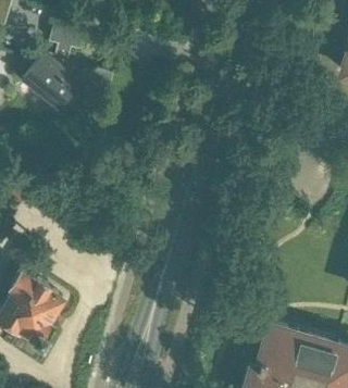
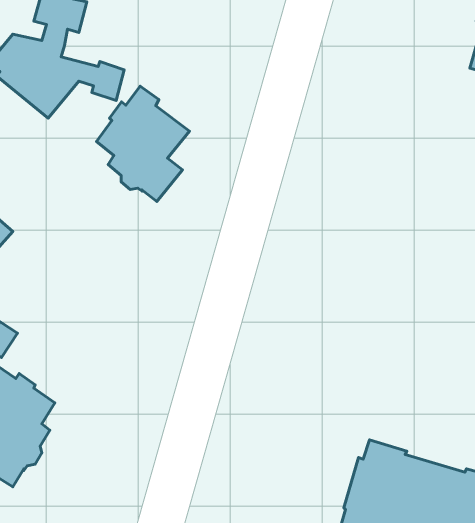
building: none -> [96,86,190,202]

